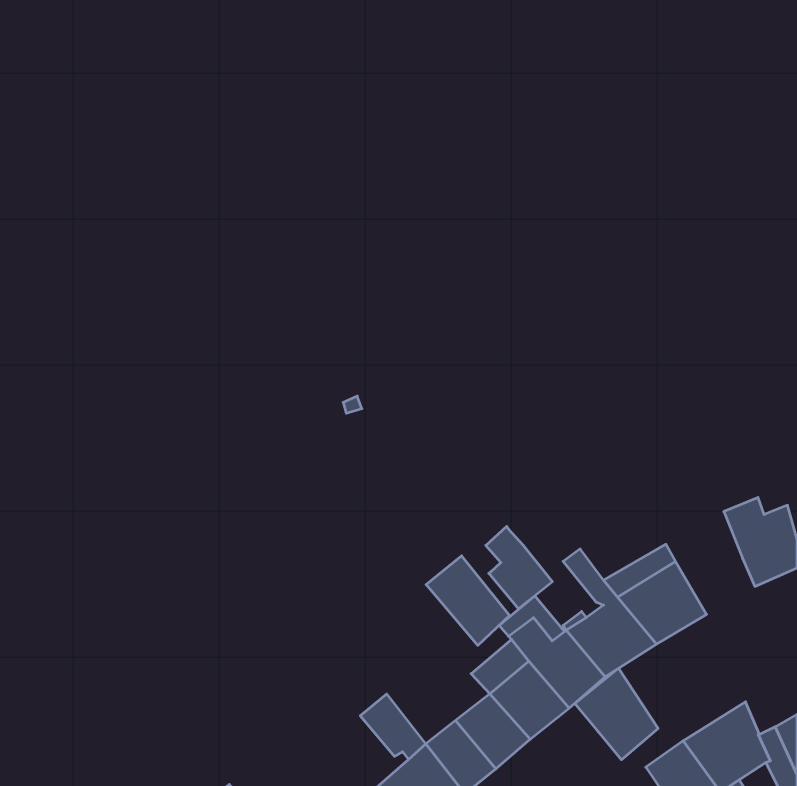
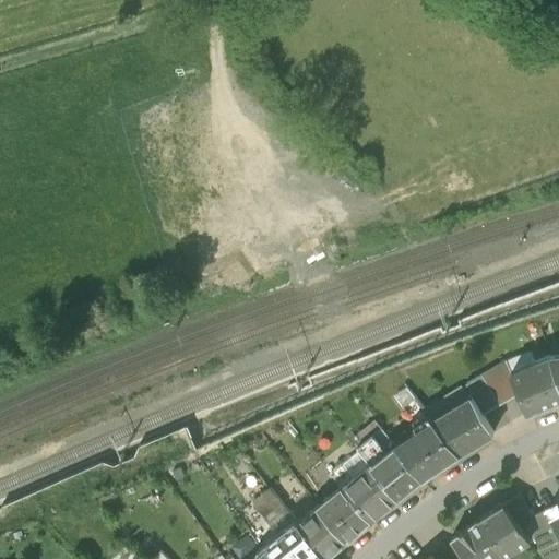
building: none -> [466,366,520,419]
building: [486,526,552,609] -> none
building: [426,556,510,645] -> none
building: [575,668,658,760] -> none

